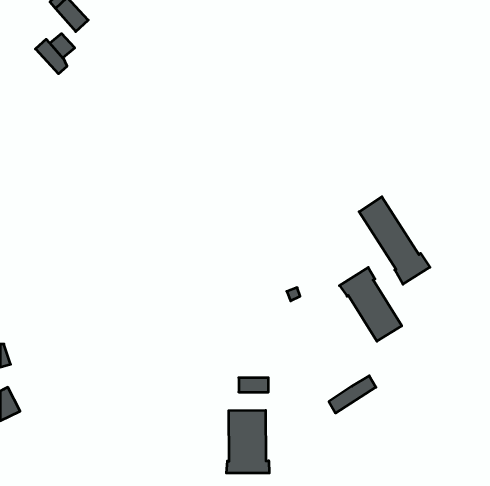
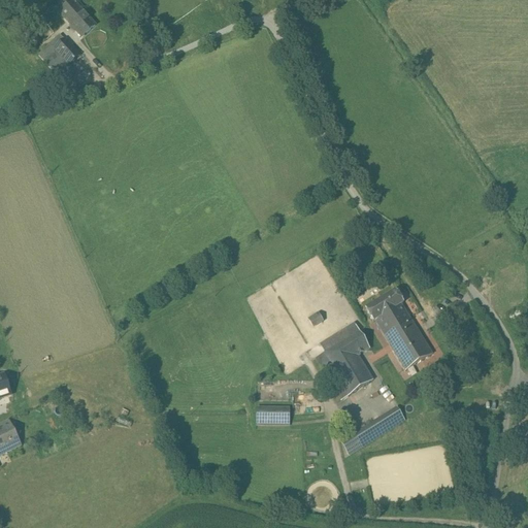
building: [359,197,430,284] -> none
building: none -> [316,321,372,397]
building: [226,410,269,473] -> none

